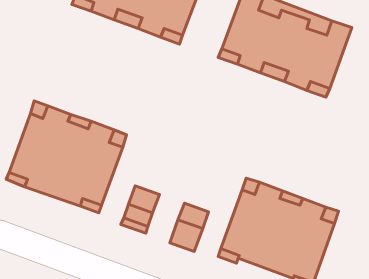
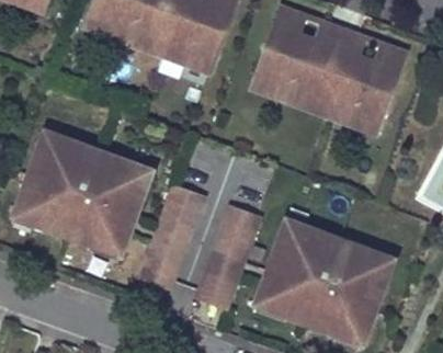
building: none -> [159,185,203,240]
building: none -> [215,205,259,260]

